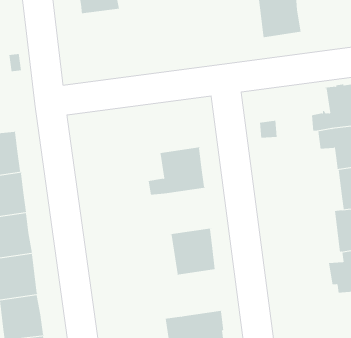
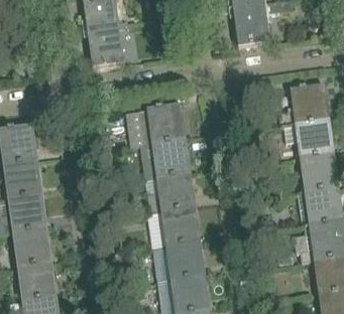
building: none -> [87,21,124,66]
building: none -> [138,102,186,142]
building: none -> [147,170,196,210]
building: none -> [151,238,205,279]

